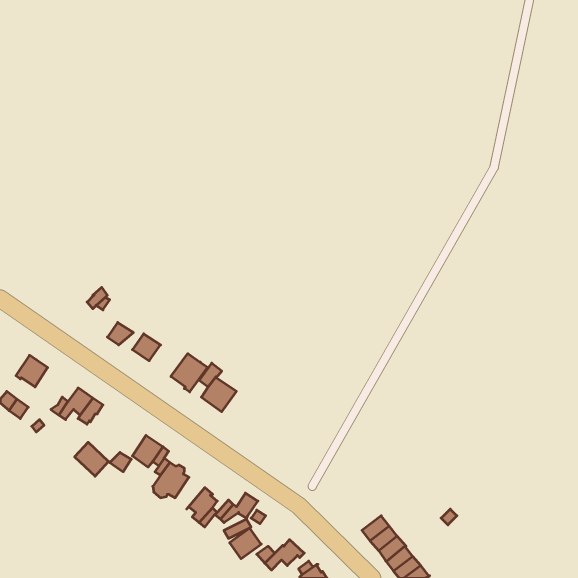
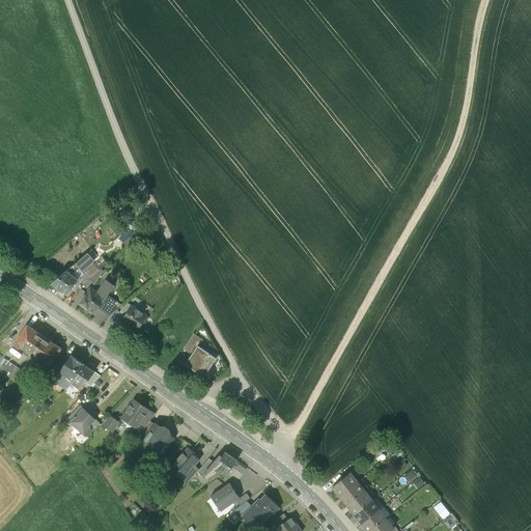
building: none -> [51,253,92,295]
building: none -> [80,281,114,314]
building: [171,354,207,392] -> none
building: none -> [32,337,61,368]

